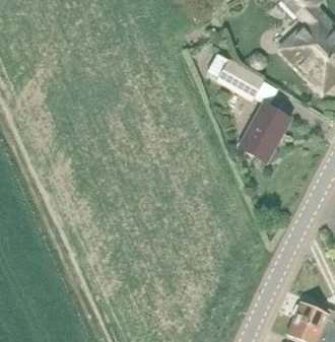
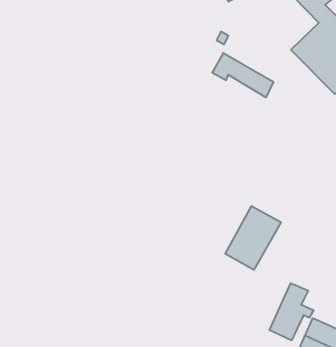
building: [239,102,291,162] -> [225,206,281,270]
building: none -> [269,283,314,340]

